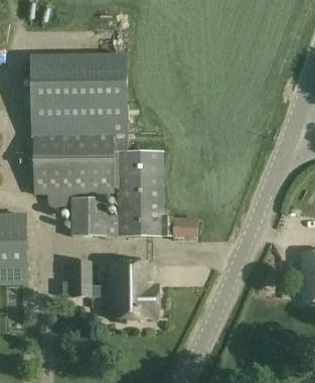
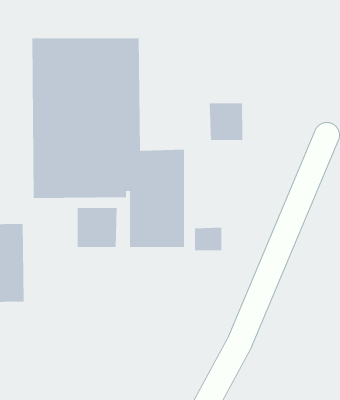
building: none -> [209,103,243,141]
building: [71,260,158,317] -> none

